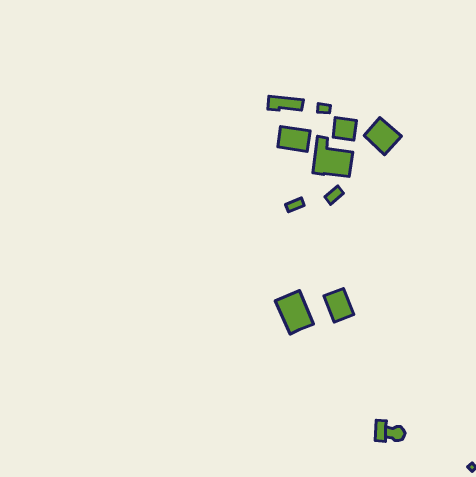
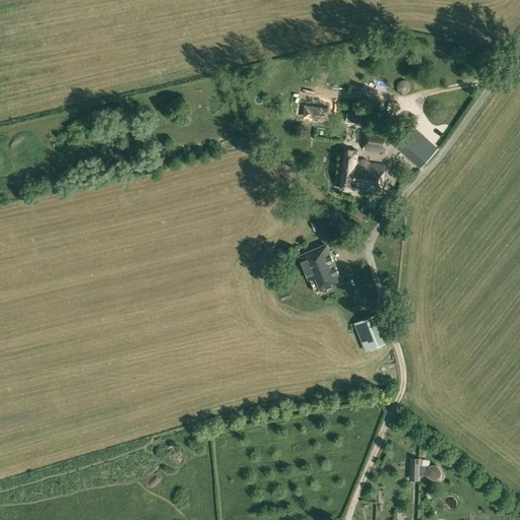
building: [278,126,310,151] -> none
building: [275,290,314,334] -> [299,245,340,292]

